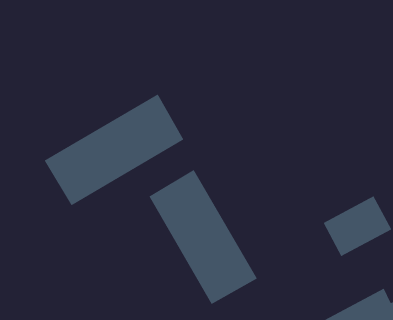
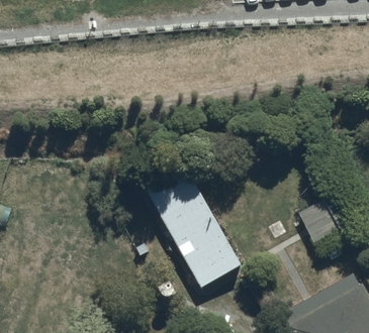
building: [44,94,184,206] -> none

